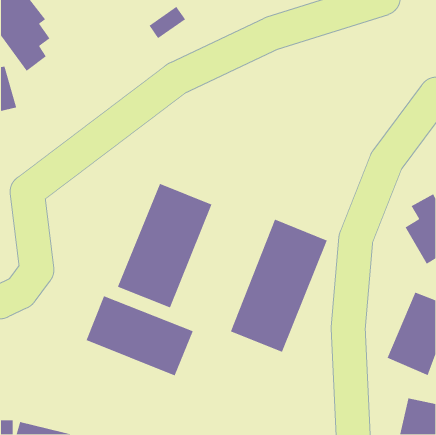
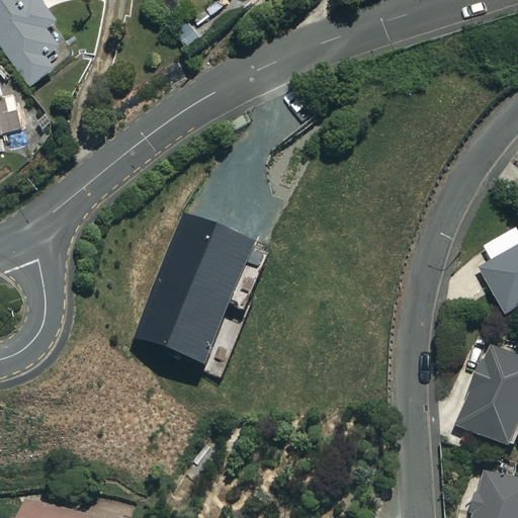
building: [230,219,328,353] -> none
building: [85,295,194,377] -> none

